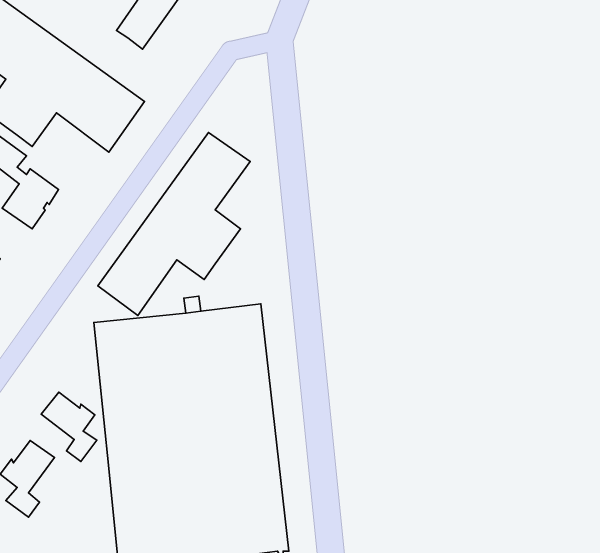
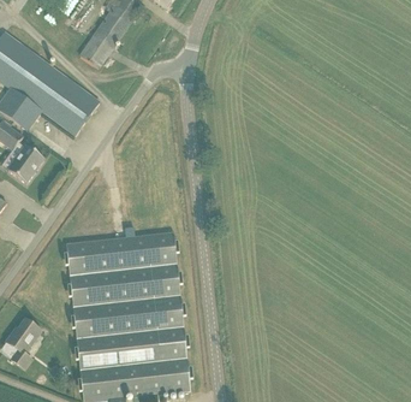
building: [98,132,250,316] -> none
building: [41,392,97,461] -> none

